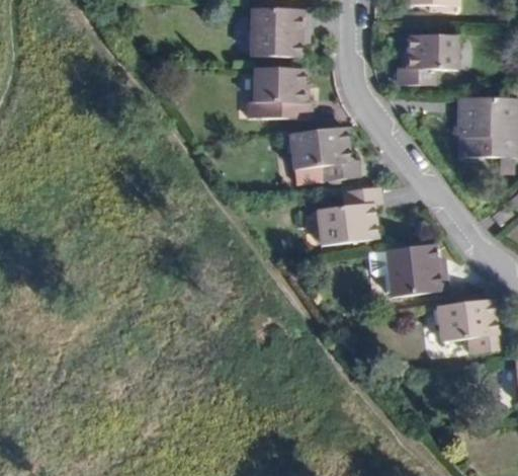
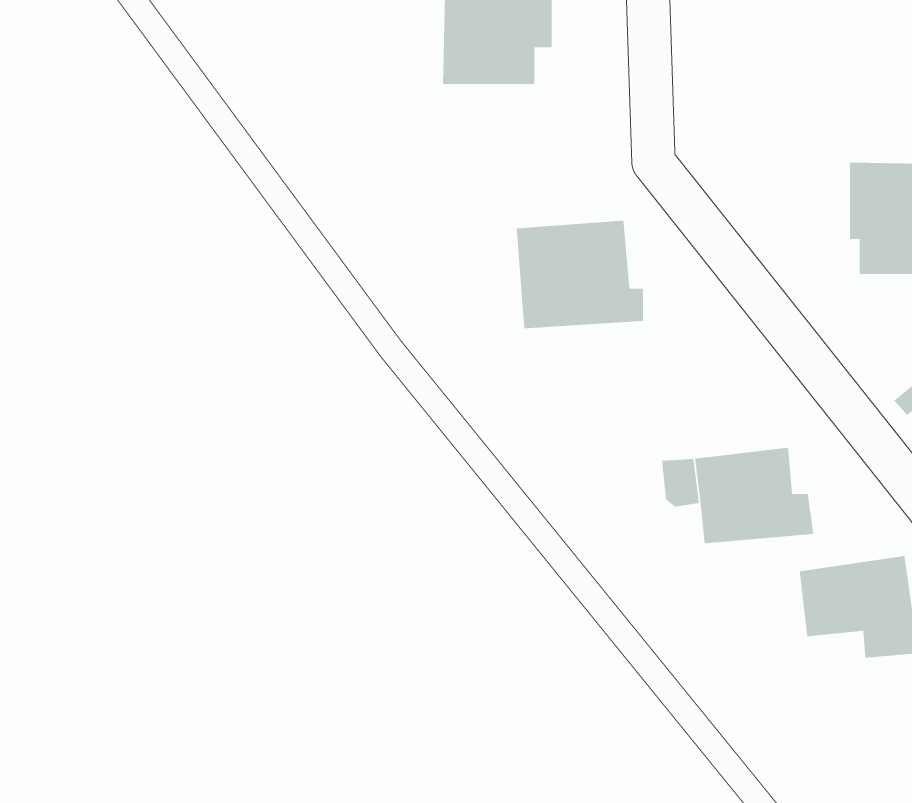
building: [401,32,459,81] -> none
building: [251,68,309,117] -> none
building: [311,186,375,245] -> none

